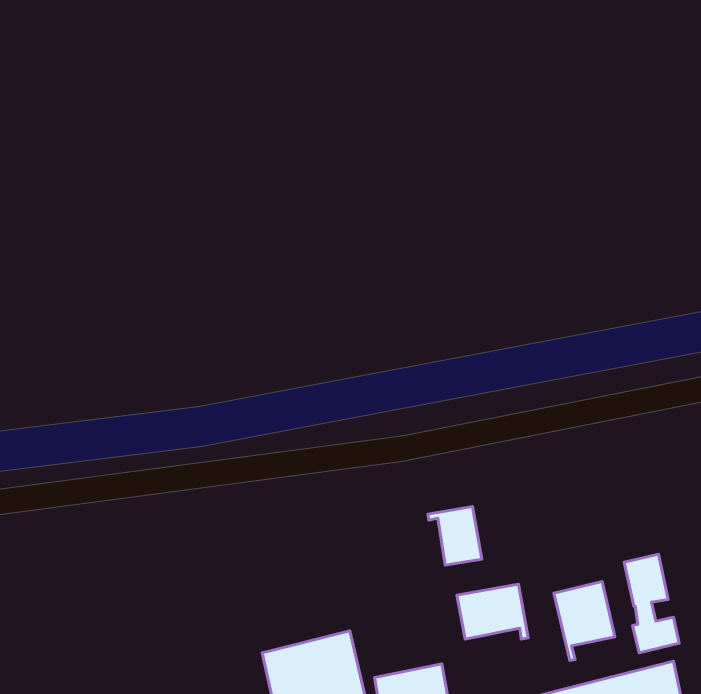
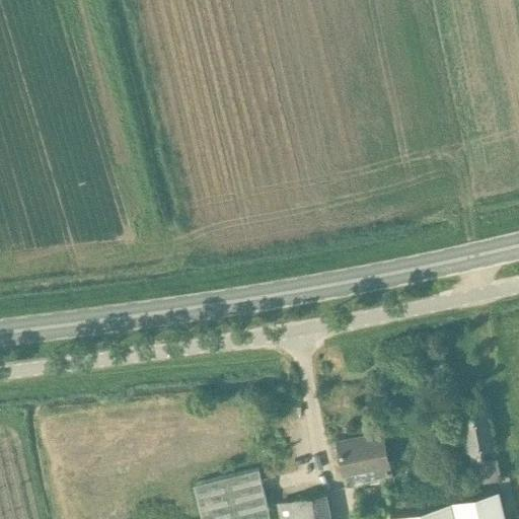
building: [428,506,482,565] -> none
building: [554,582,615,660] -> none

